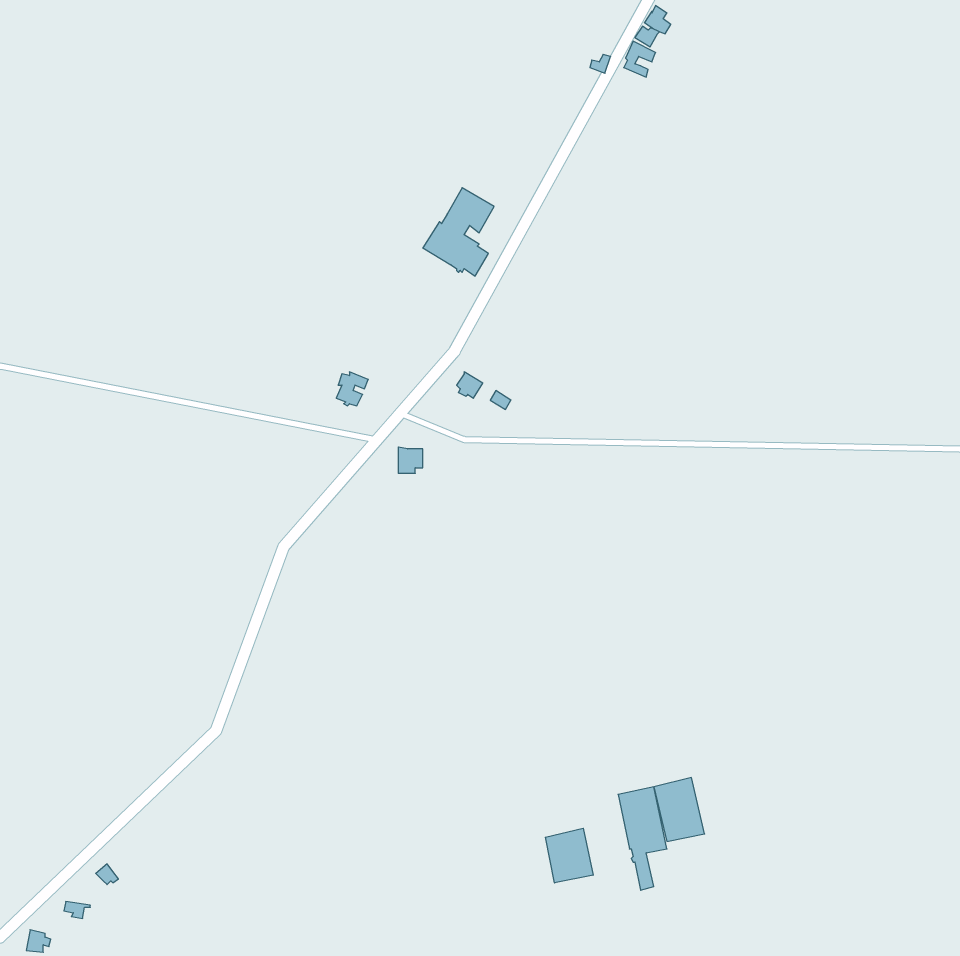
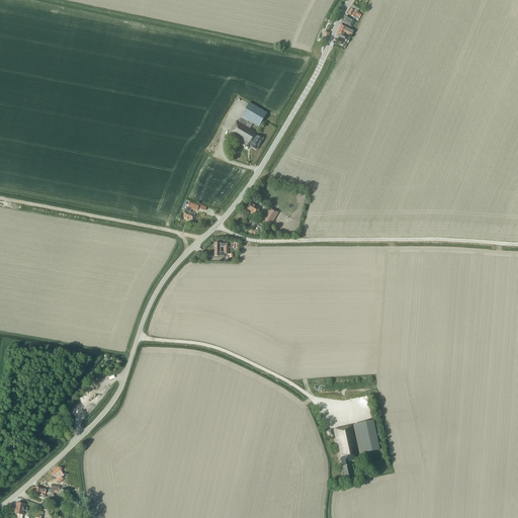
building: [545,828,593,883] -> none

